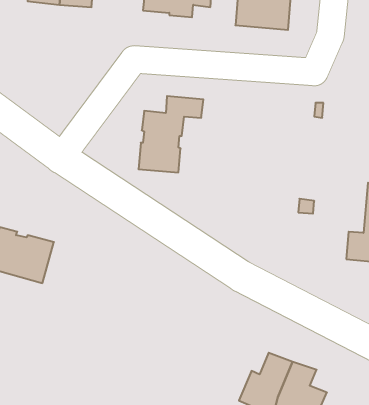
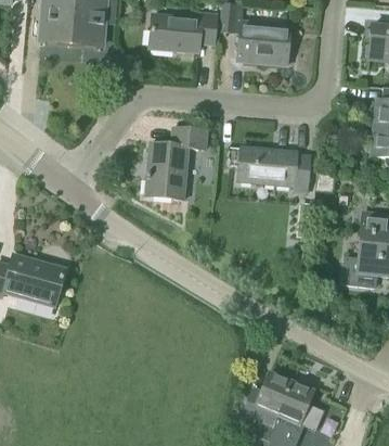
building: none -> [237,145,310,193]

